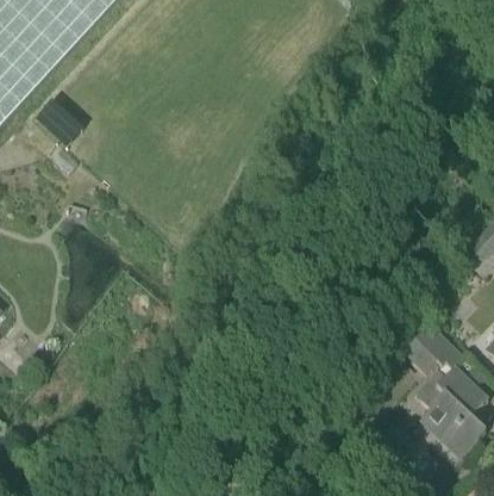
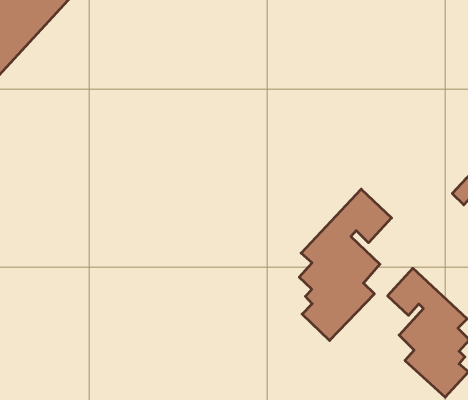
building: none -> [299,189,392,341]

